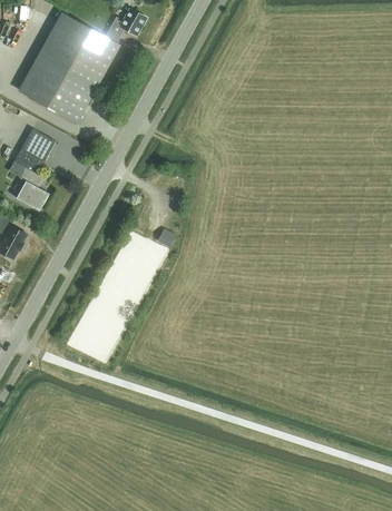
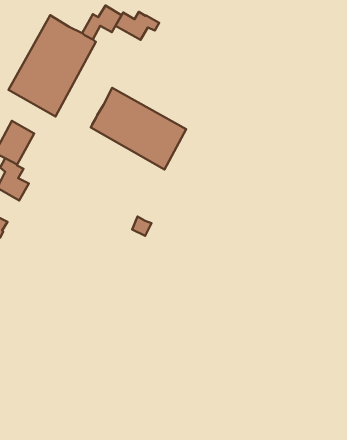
building: none -> [115,12,159,40]
building: none -> [91,88,186,169]

